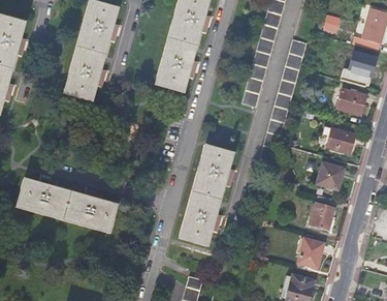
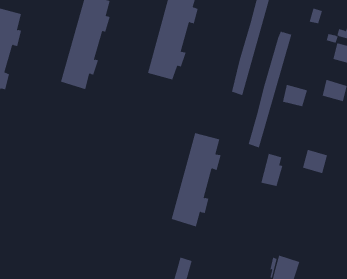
building: [327,127,354,151] -> [282,84,308,107]
building: [17,179,115,231] -> none
building: [310,193,333,229] -> [260,153,283,187]
building: [297,237,323,267] -> none

